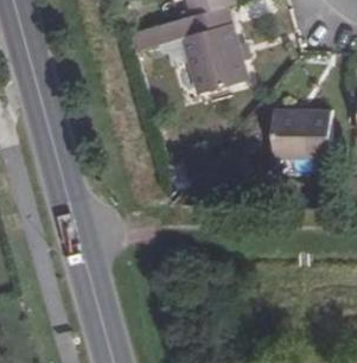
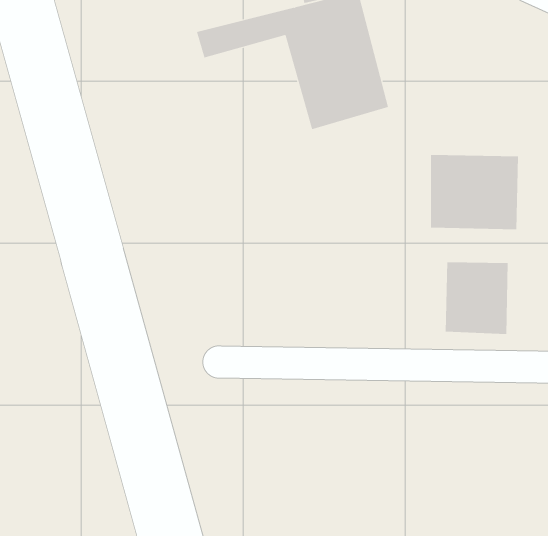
building: none -> [445,262,508,335]

